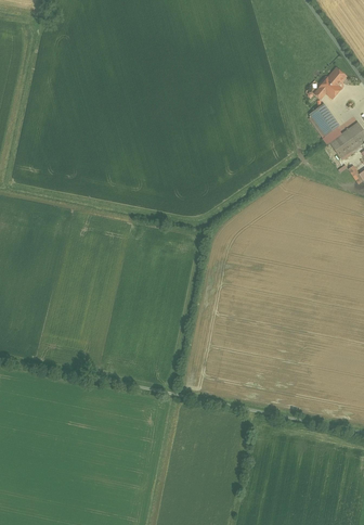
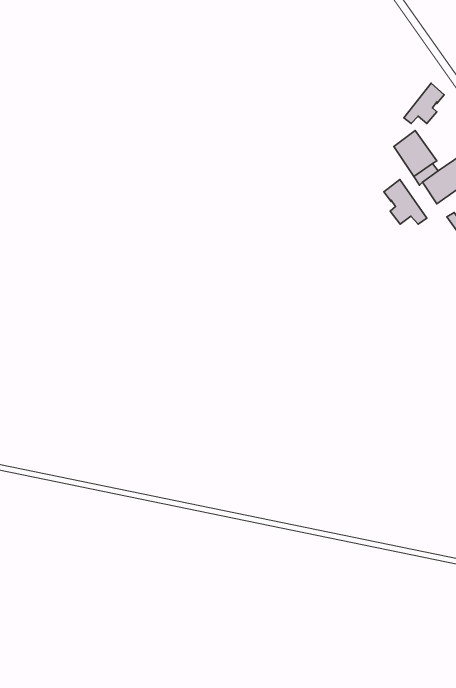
building: none -> [384,180,427,224]

